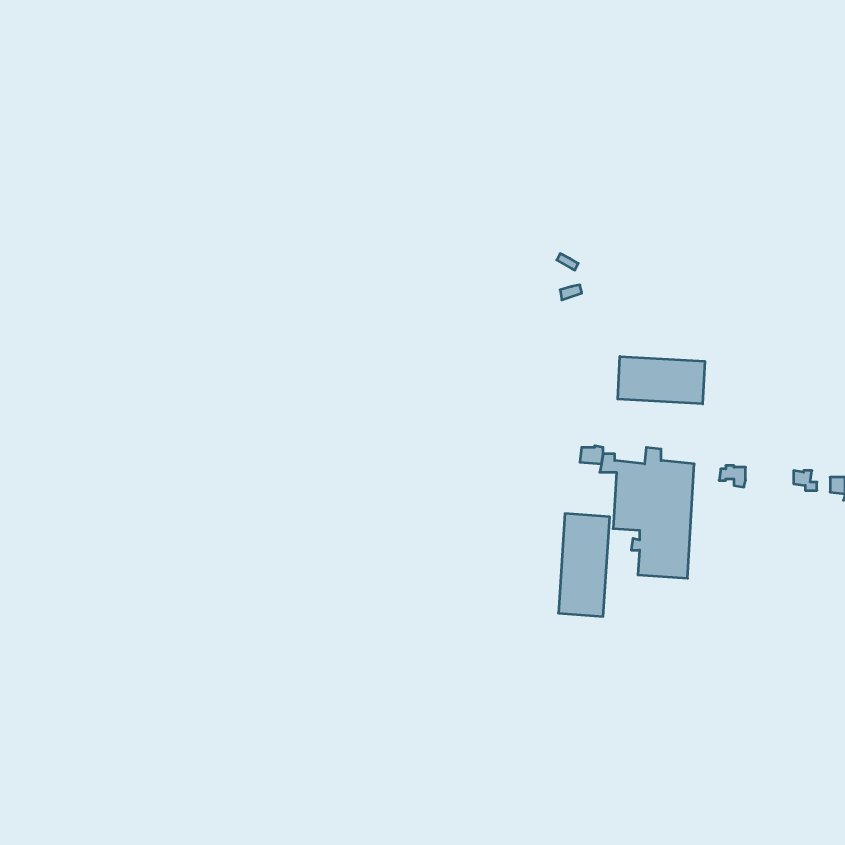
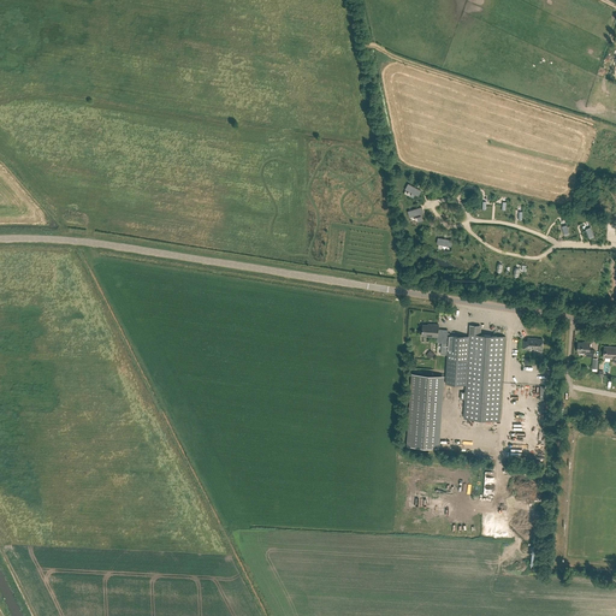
building: [618,356,705,404] -> none

